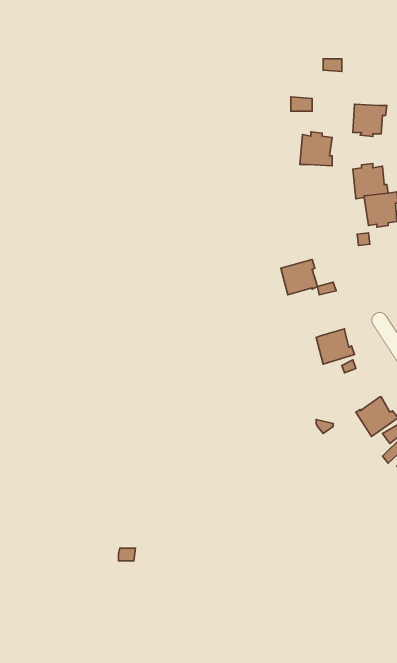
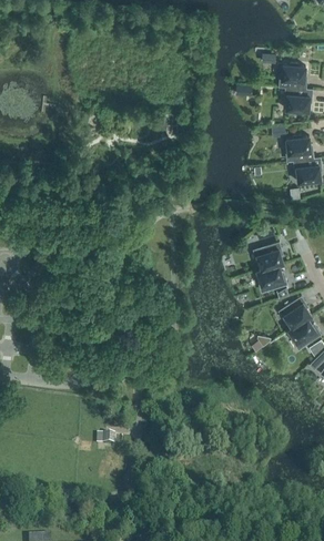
building: [300,132,332,166] -> [280,63,305,90]
building: [281,260,318,295] -> [254,243,283,270]
building: none -> [279,296,311,329]

